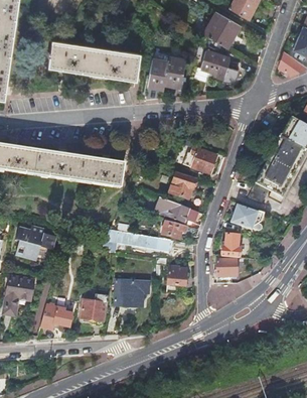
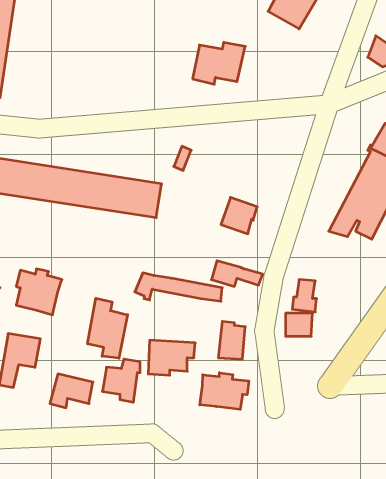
building: [48,39,141,80] -> none
building: [201,50,231,78] -> none
building: [190,146,217,176] -> none
building: [155,197,205,226] -> none
building: [233,205,259,229] -> none
building: none -> [88,298,128,358]
building: none -> [200,373,249,409]

